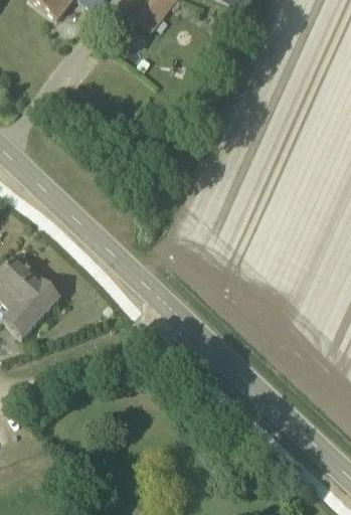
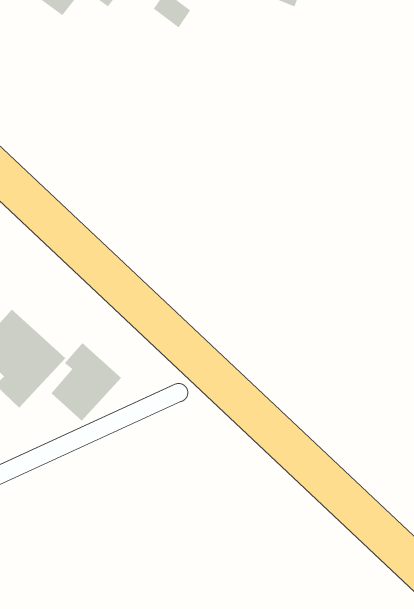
building: none -> [50,342,122,422]

